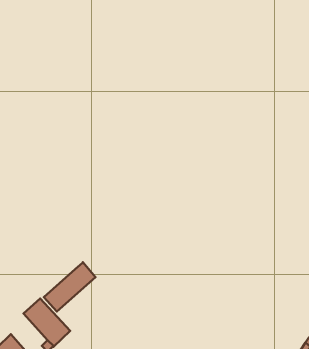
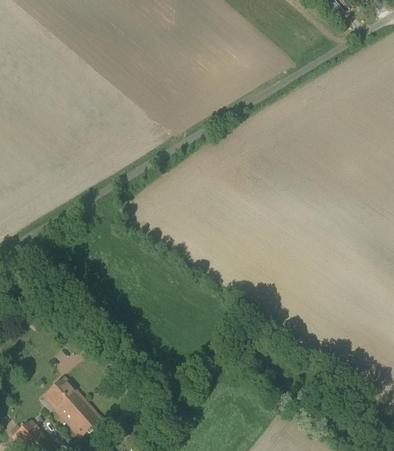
building: [44,262,95,311] -> none

